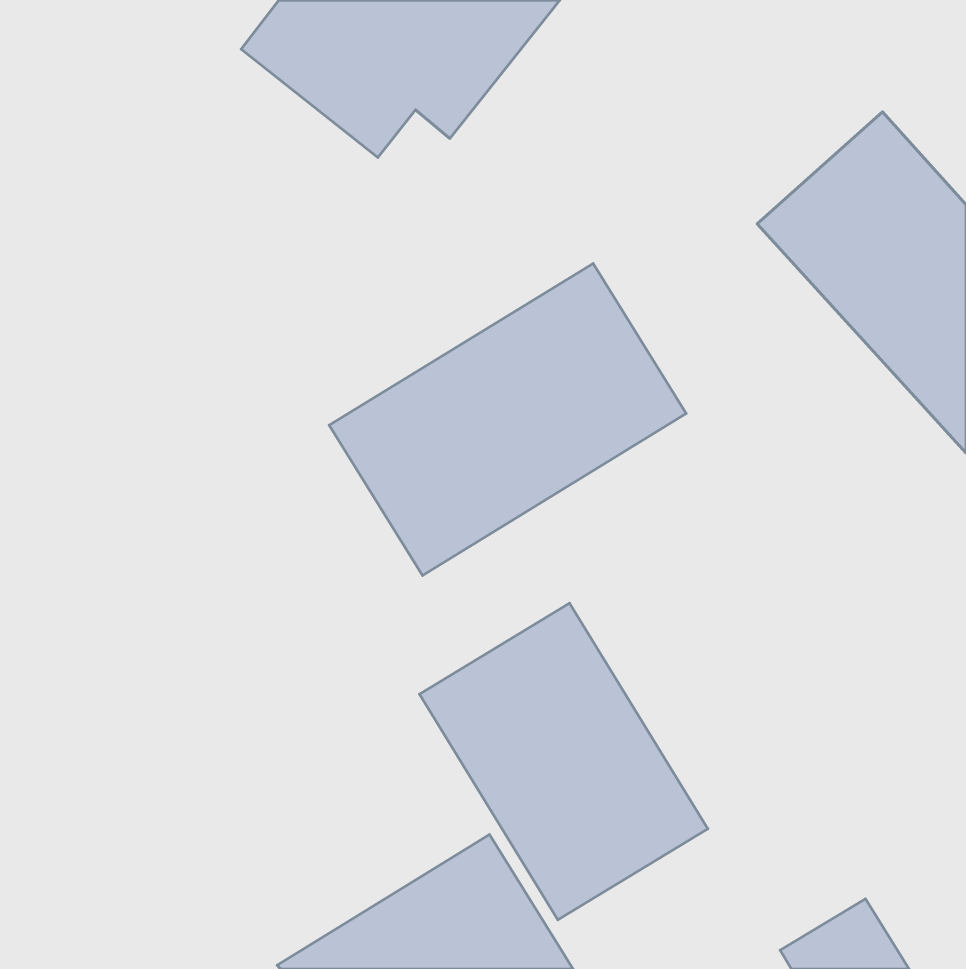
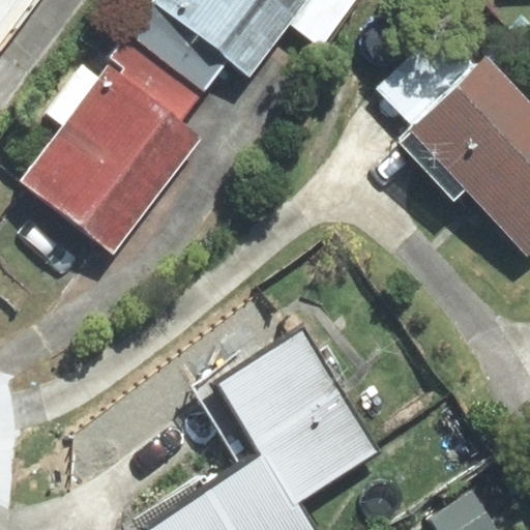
building: none -> [20,40,202,249]
building: [329,264,686,575] -> none

